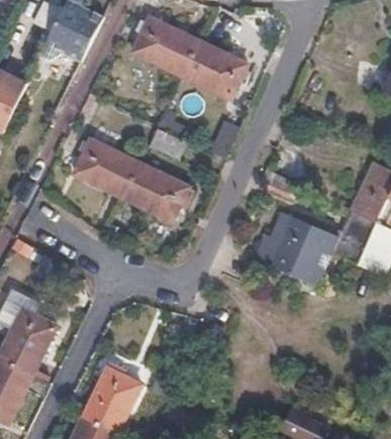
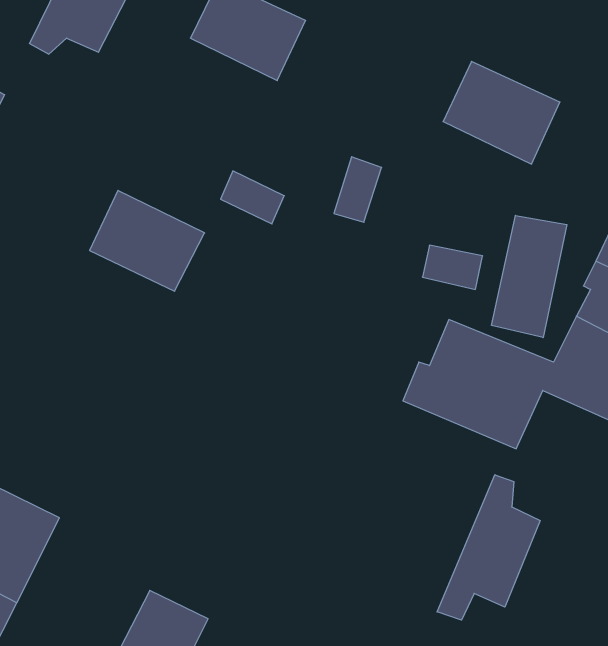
building: [181,41,248,100] -> [443,61,560,164]
building: none -> [492,215,567,338]
building: [122,162,189,220] -> none
building: none -> [437,475,540,620]

